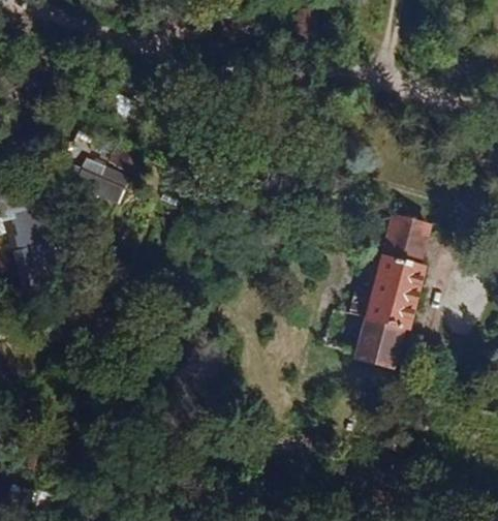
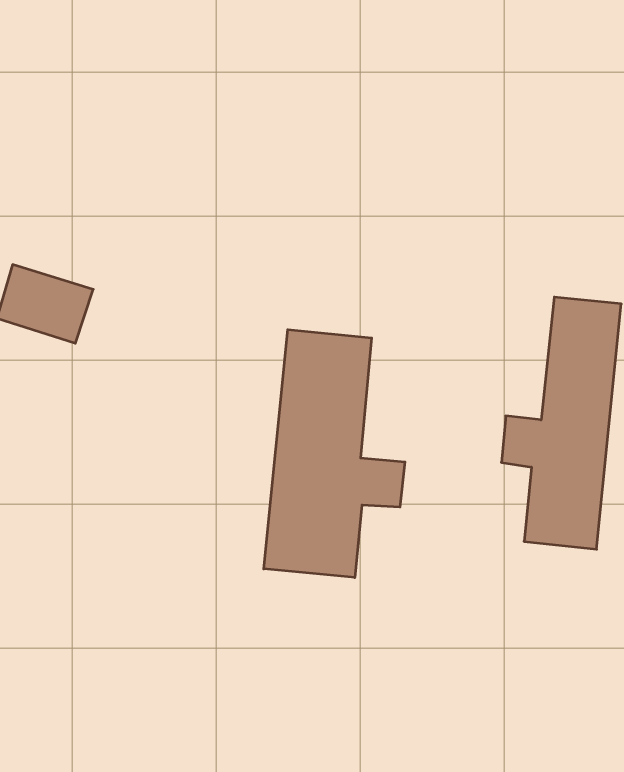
building: none -> [264,330,405,578]

